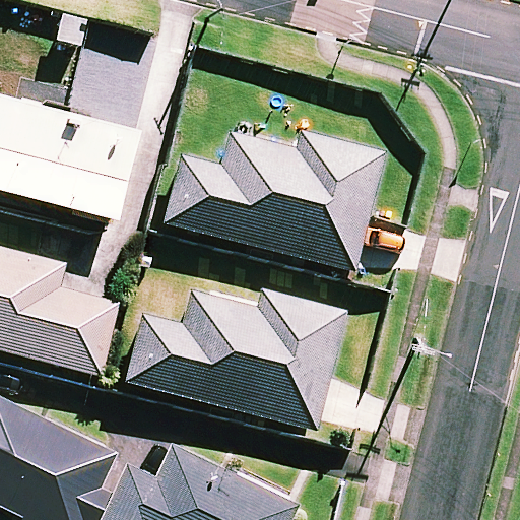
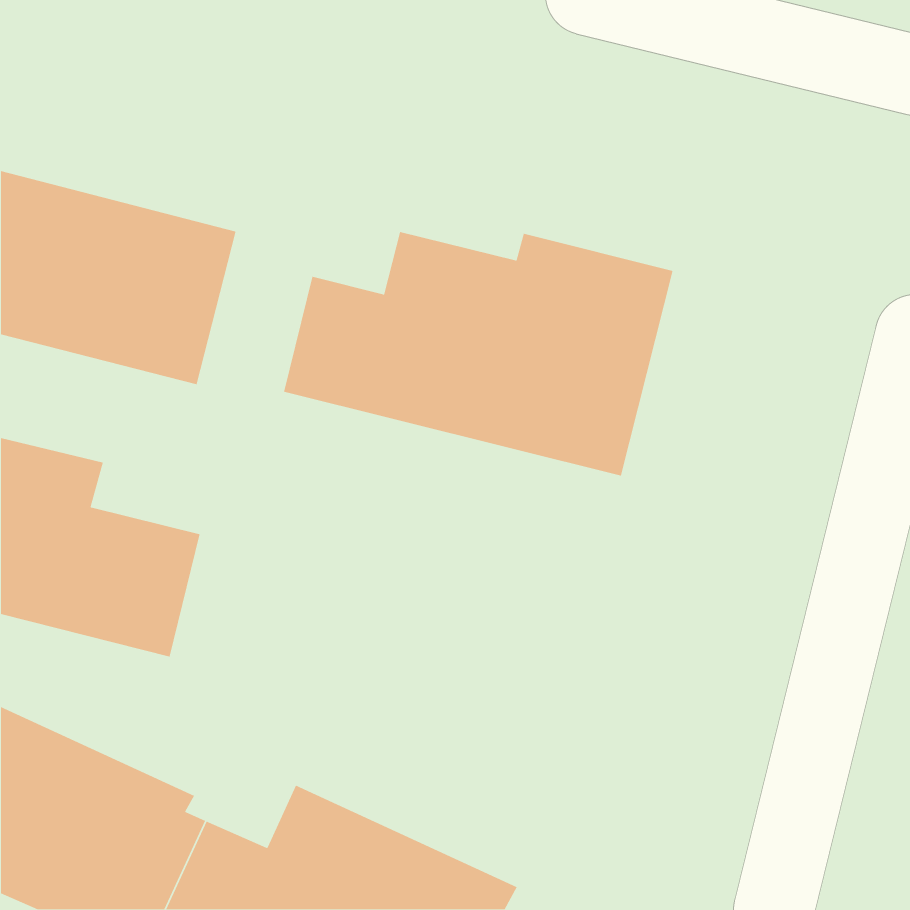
building: [125,288,346,430] -> none

